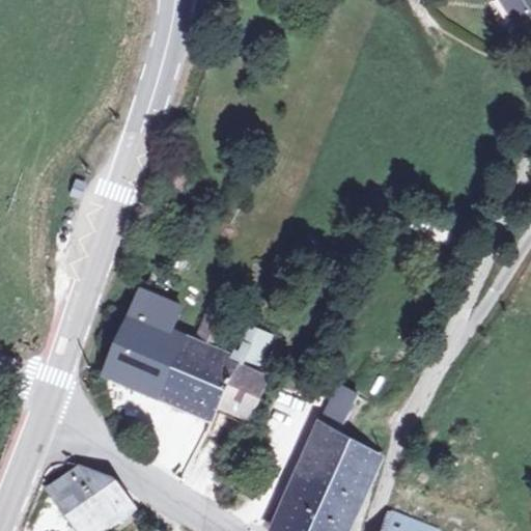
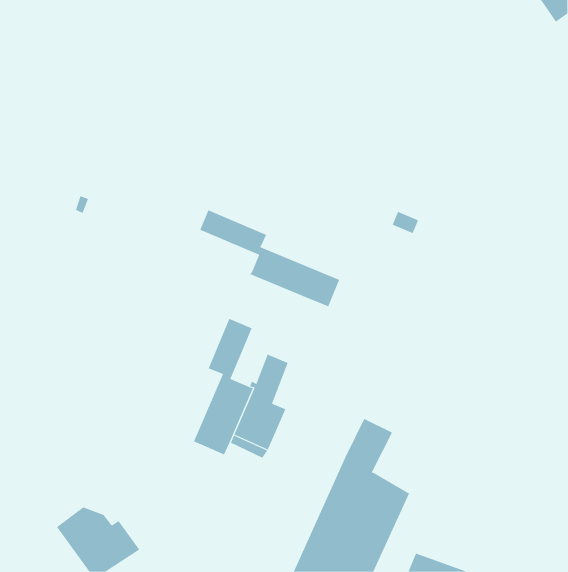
building: none -> [200,210,340,307]
building: [101,289,205,408] -> none

